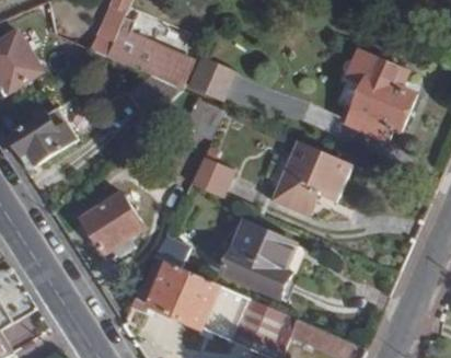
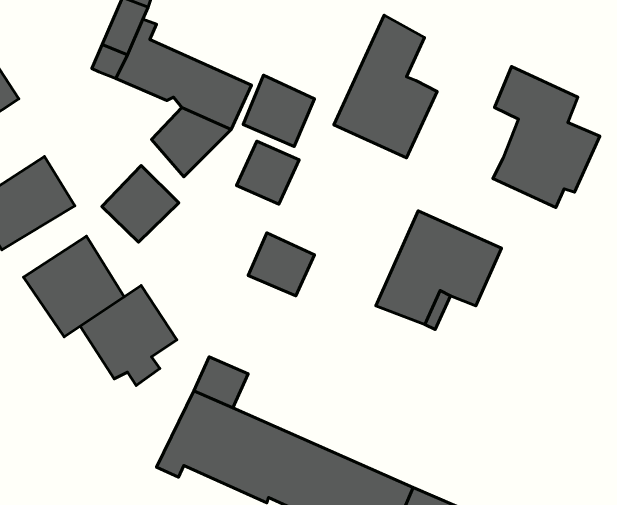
building: none -> [334,15,437,158]
building: none -> [102,165,179,242]
building: none -> [23,236,124,337]
building: [222,221,293,296] -> none

